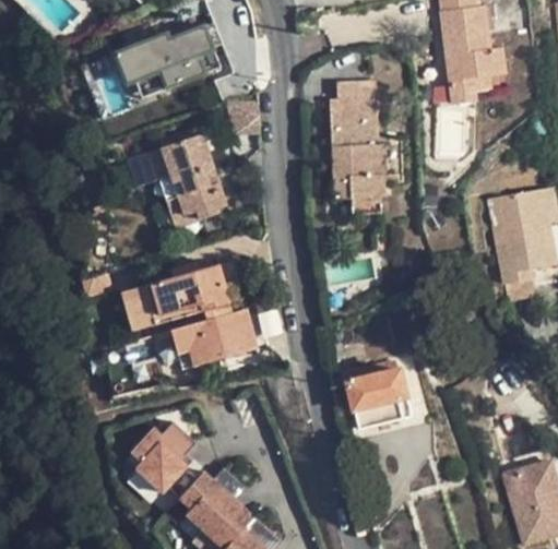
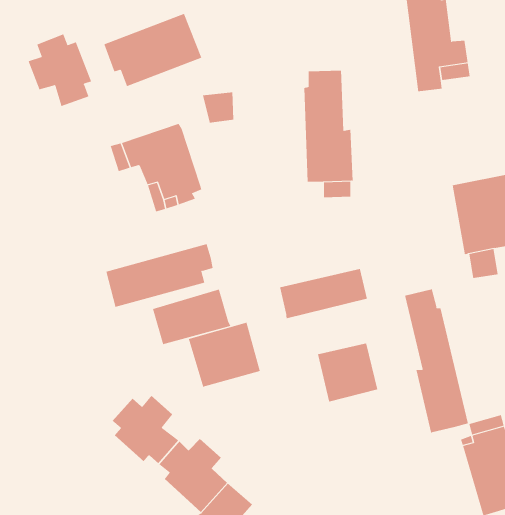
building: none -> [28,33,92,107]
building: none -> [279,268,367,319]
building: none -> [405,289,468,433]
building: none -> [188,322,260,388]

